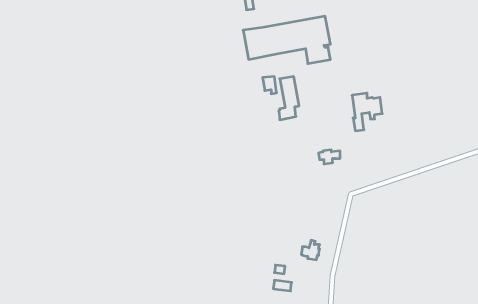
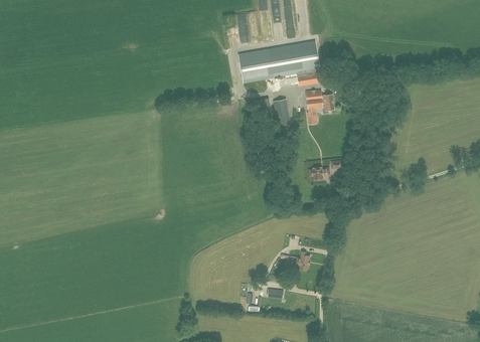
building: [352,93,382,131] -> [306,88,334,123]

